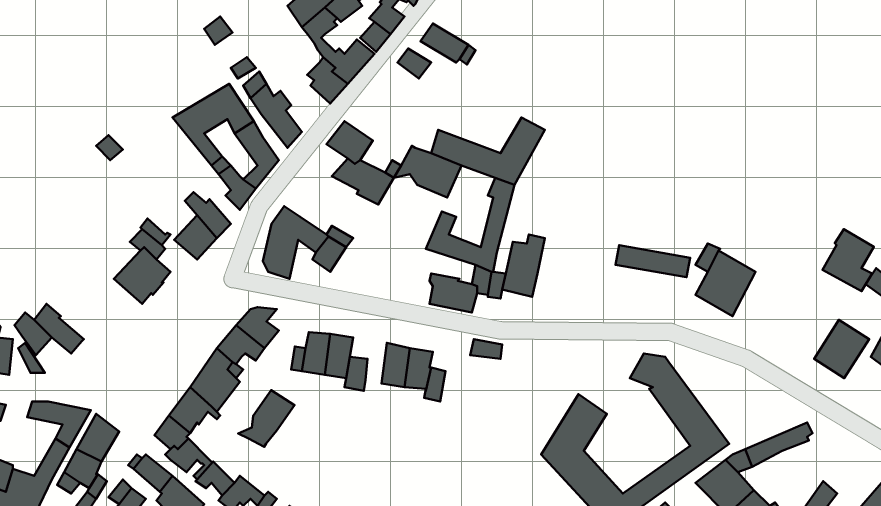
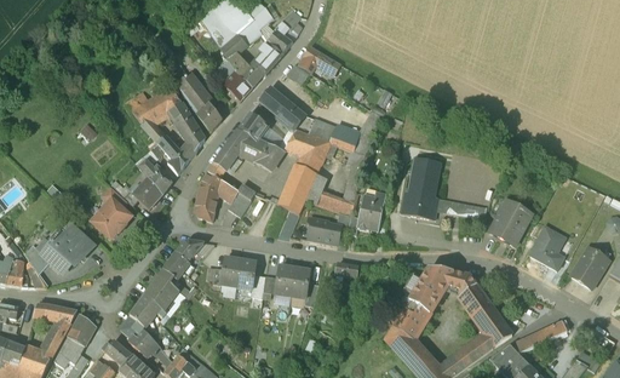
building: none -> [259,87,314,134]
building: none -> [208,128,252,178]
building: none -> [279,156,320,213]
building: none -> [401,159,440,219]
building: [822,229,874,291] -> [529,227,564,269]
building: none -> [54,228,92,267]
building: none -> [403,267,454,313]
building: [238,390,295,447] -> none

